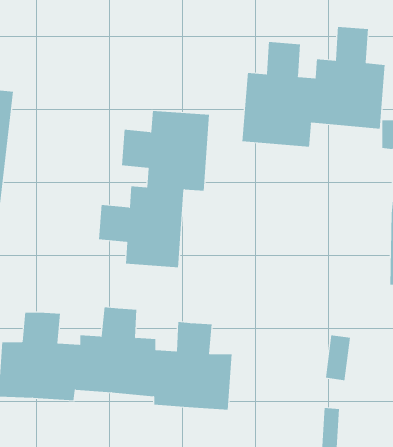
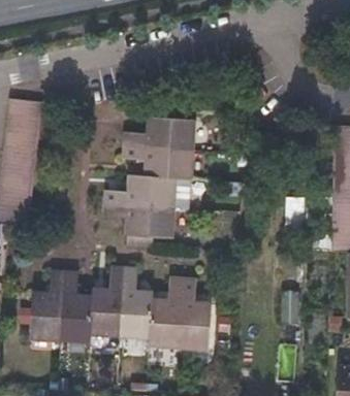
building: [242,26,385,148] -> none

